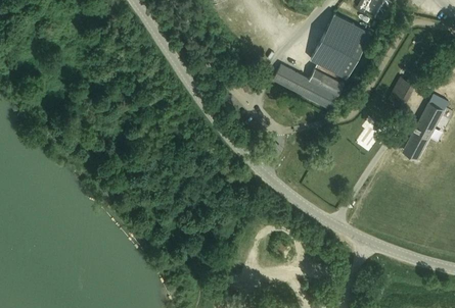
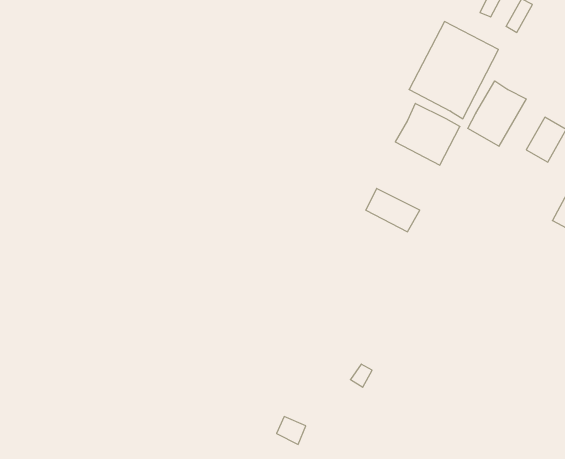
building: none -> [468,81,526,146]
building: [273,66,309,95] -> [366,188,420,232]

